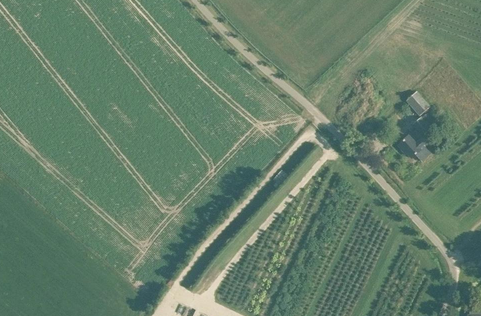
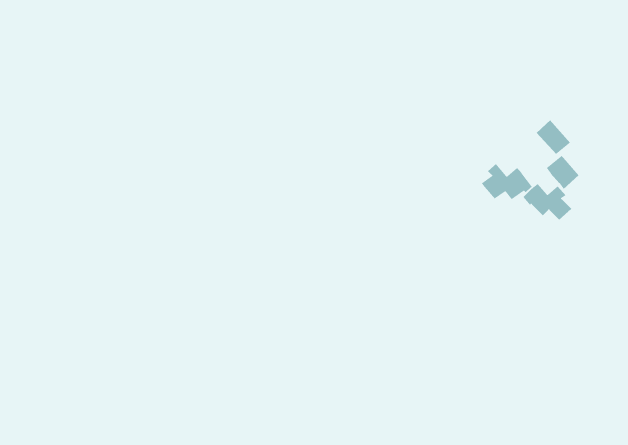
building: none -> [481,163,533,200]

